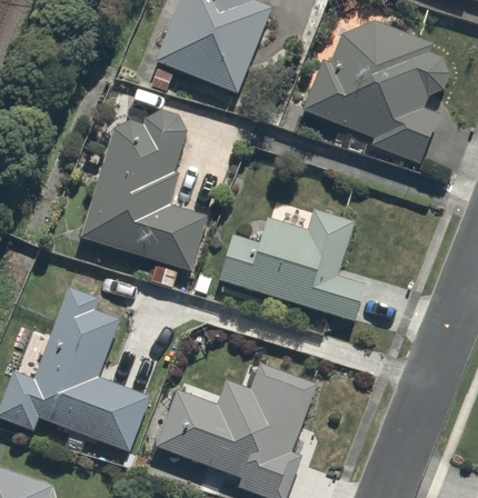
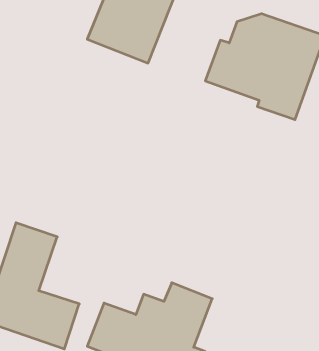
building: [81,114,207,271] -> none
building: [220,211,368,318] -> none

